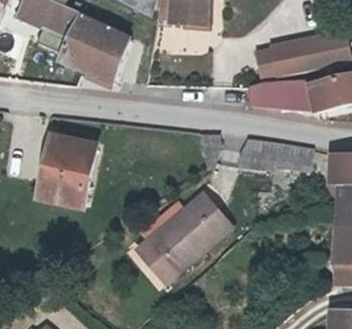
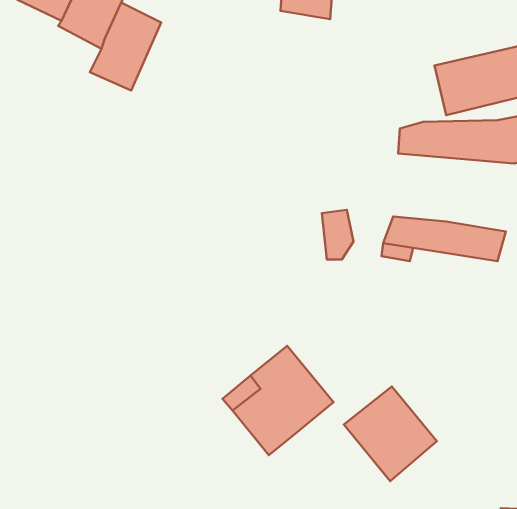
building: [83,25,128,79] -> none
building: [40,141,86,203] -> none
building: [178,198,234,256] -> [344,387,437,481]

